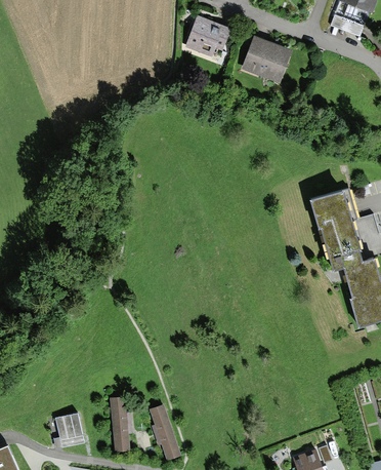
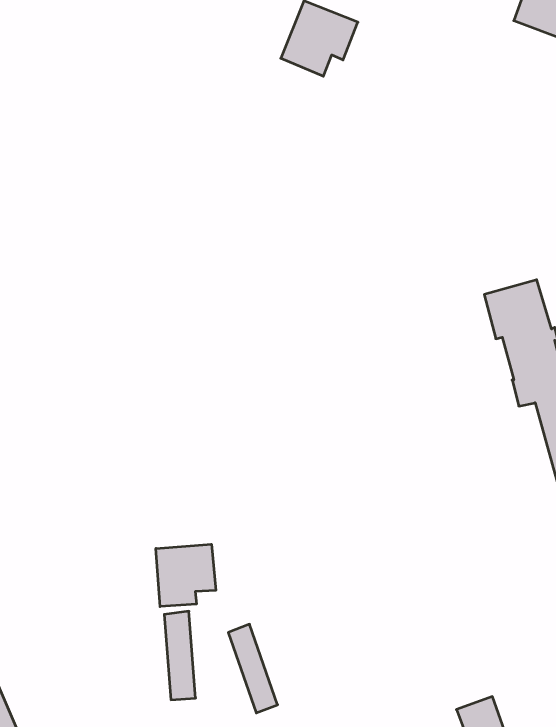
building: [242,36,292,83] -> none
building: none -> [156,544,216,607]
building: [54,412,85,448] -> none

